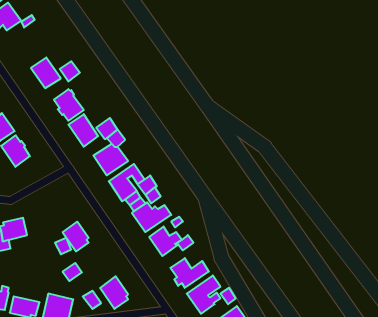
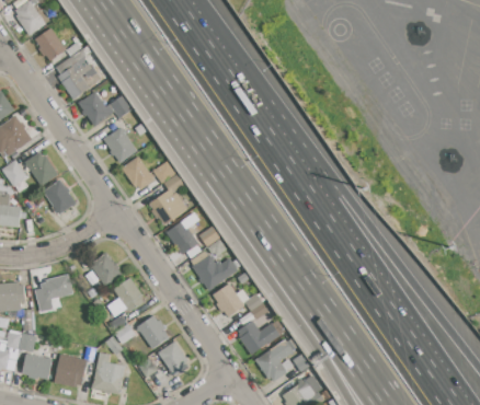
building: none -> [59,57,104,99]
building: none -> [89,253,123,289]
building: none -> [136,315,170,350]

